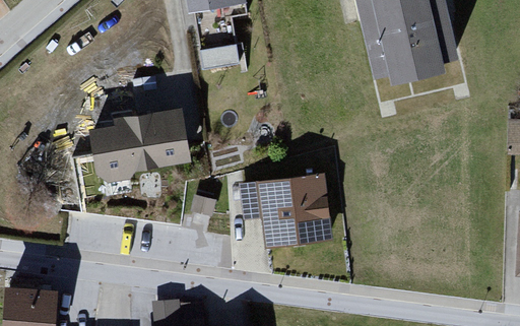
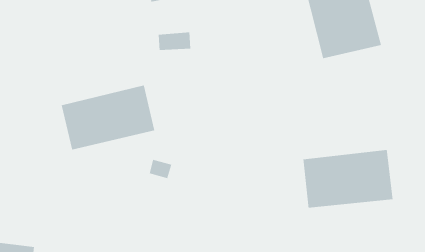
building: [236,174,331,249] -> none
building: none -> [303,149,393,209]

